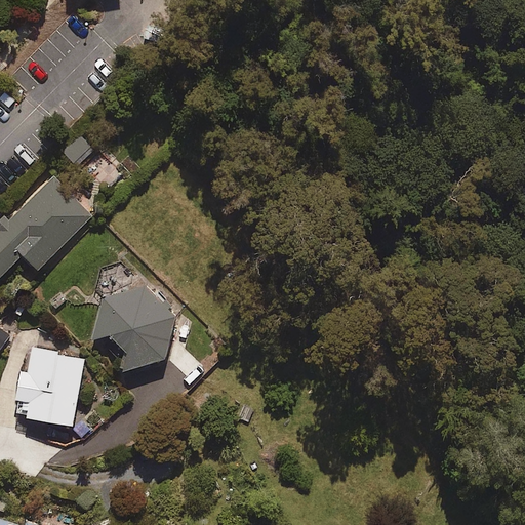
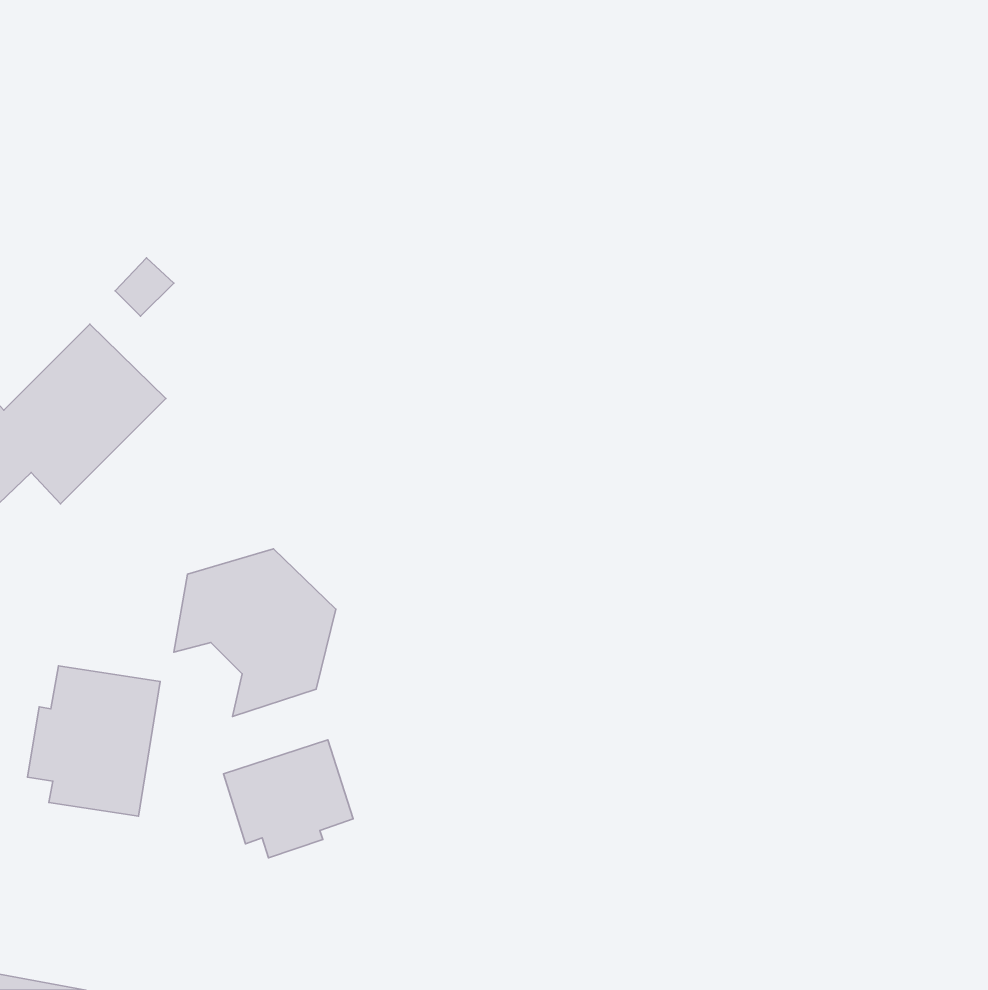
building: none -> [223,740,353,858]

